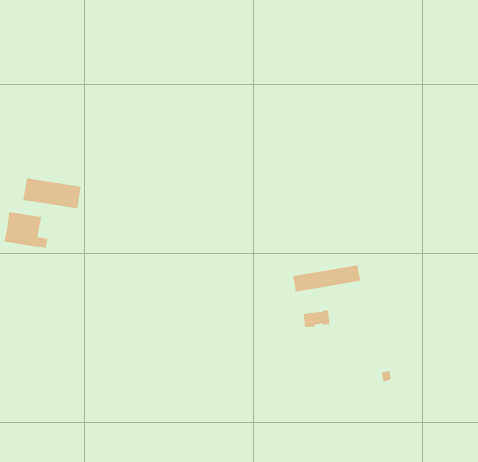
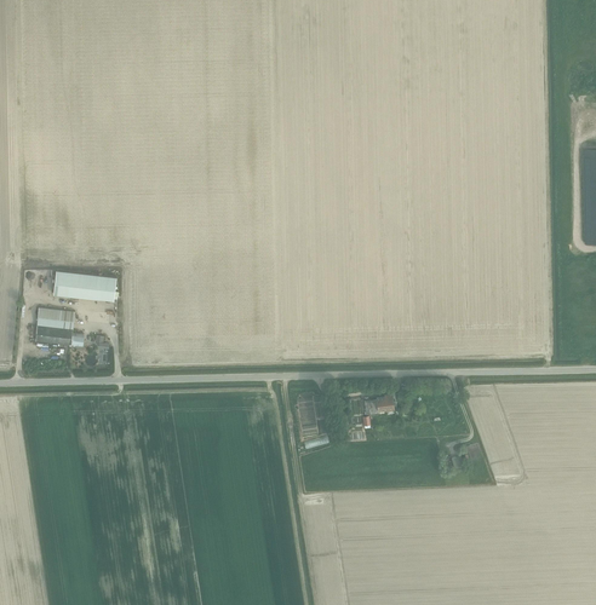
building: [293,264,361,292] -> none

